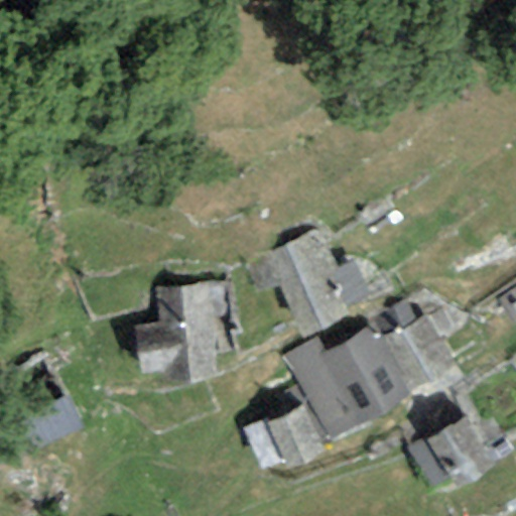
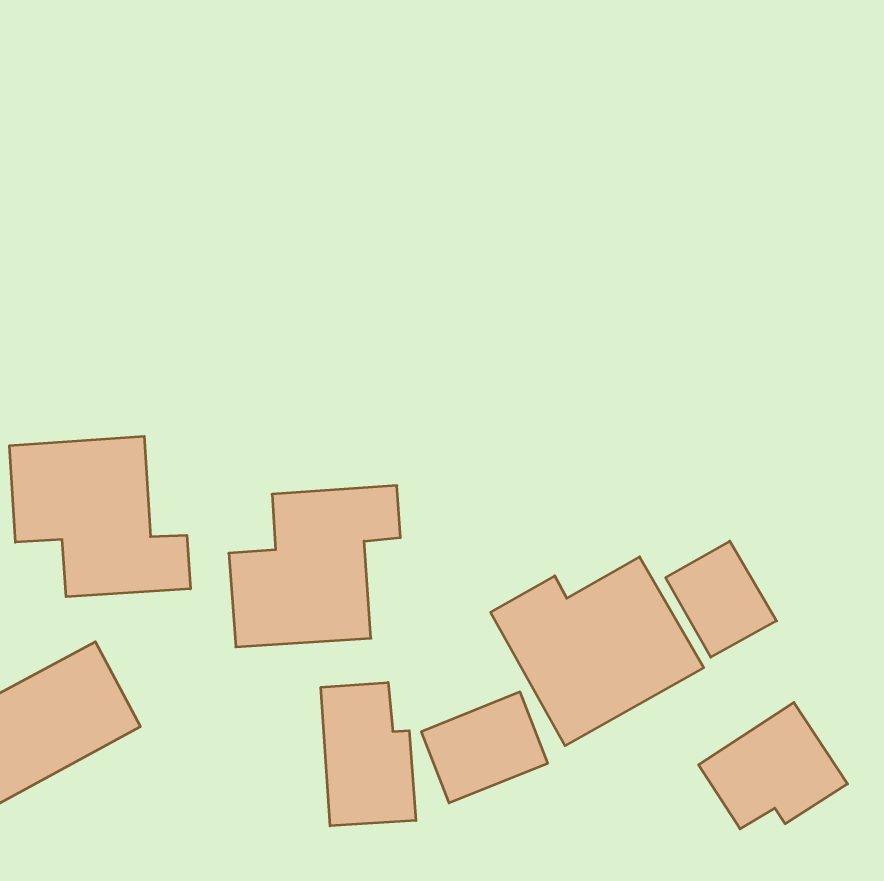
building: [267,233,373,330] -> none
building: none -> [10,436,190,597]
building: none -> [321,682,416,826]

